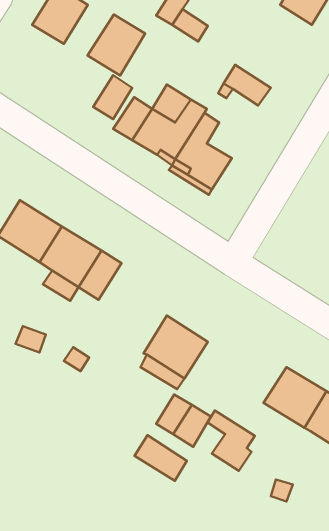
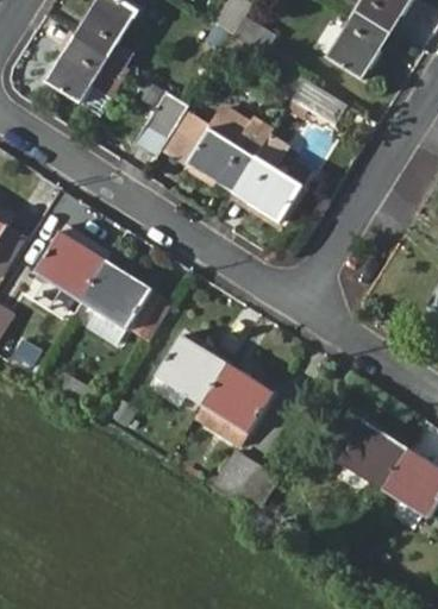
building: none -> [326,10,392,80]
building: [88,14,145,75] -> [45,32,111,101]
building: none -> [155,333,227,404]
building: [207,411,255,471] -> none
building: [135,435,187,481] -> none

